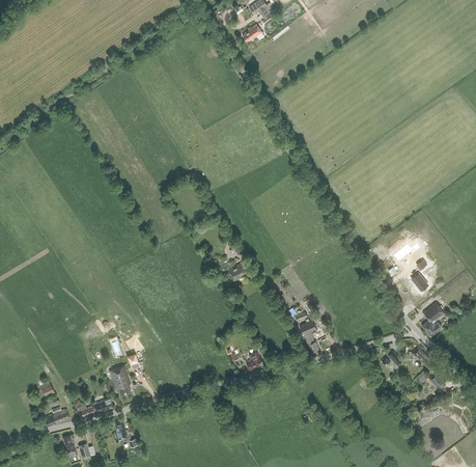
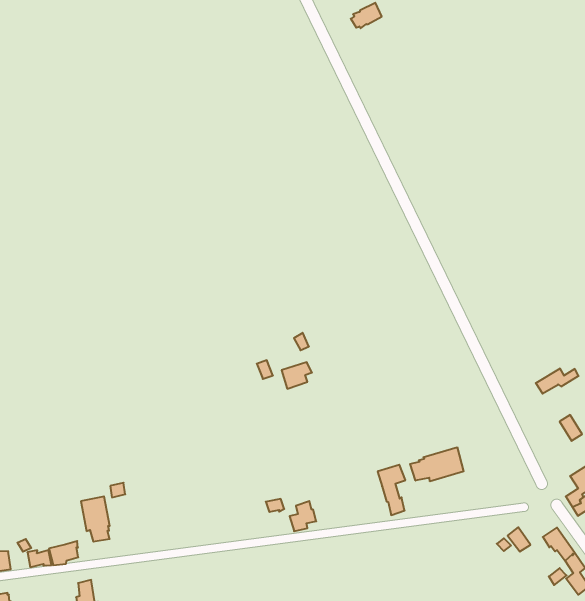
building: none -> [410,447,464,481]

